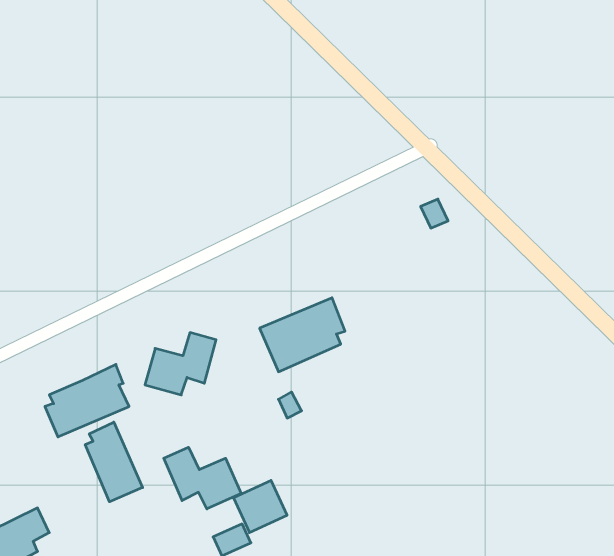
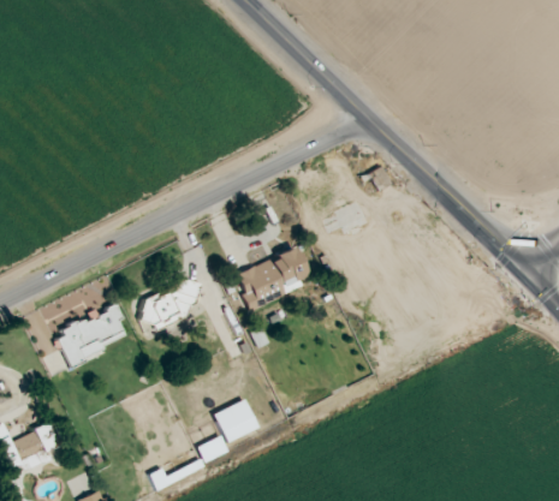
building: [85,422,143,502] -> none
building: [164,447,241,509] -> none

